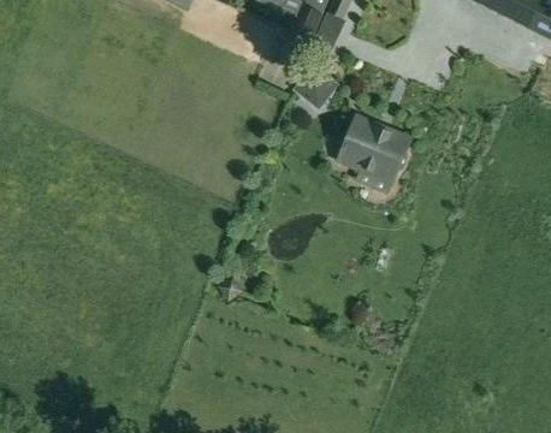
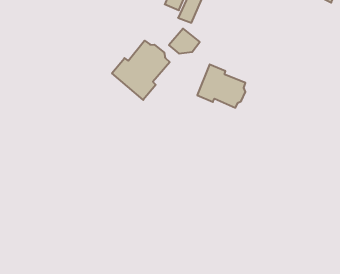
building: none -> [112,41,170,100]

